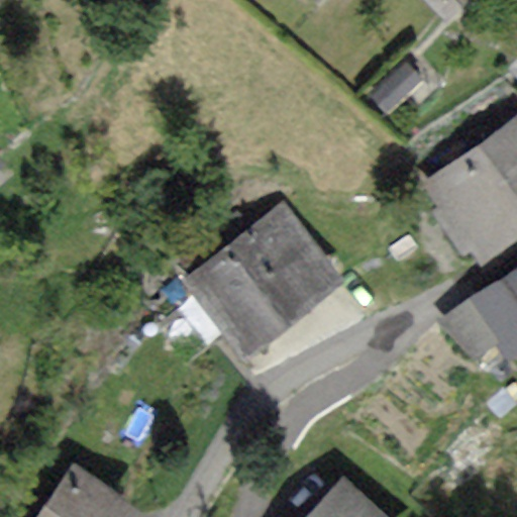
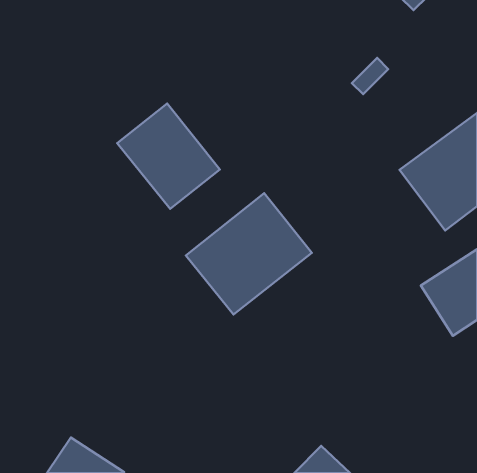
building: none -> [117,103,220,209]

